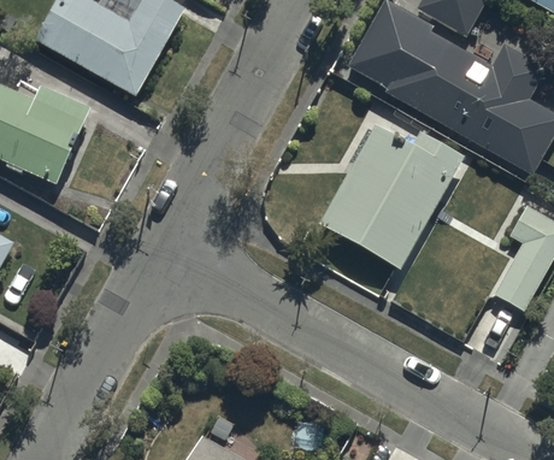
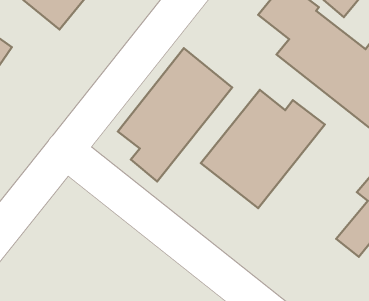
building: none -> [118,48,232,182]

